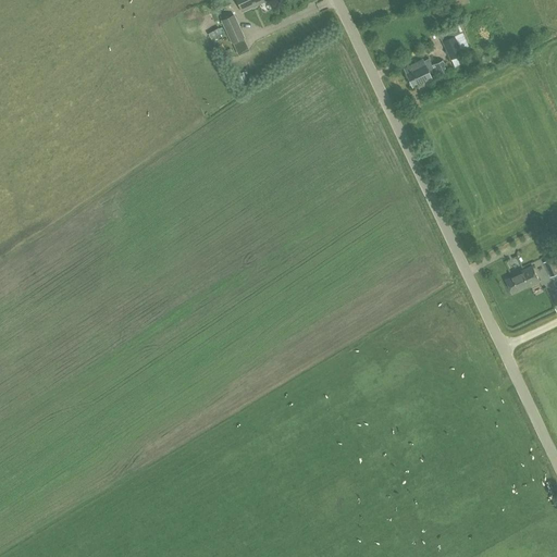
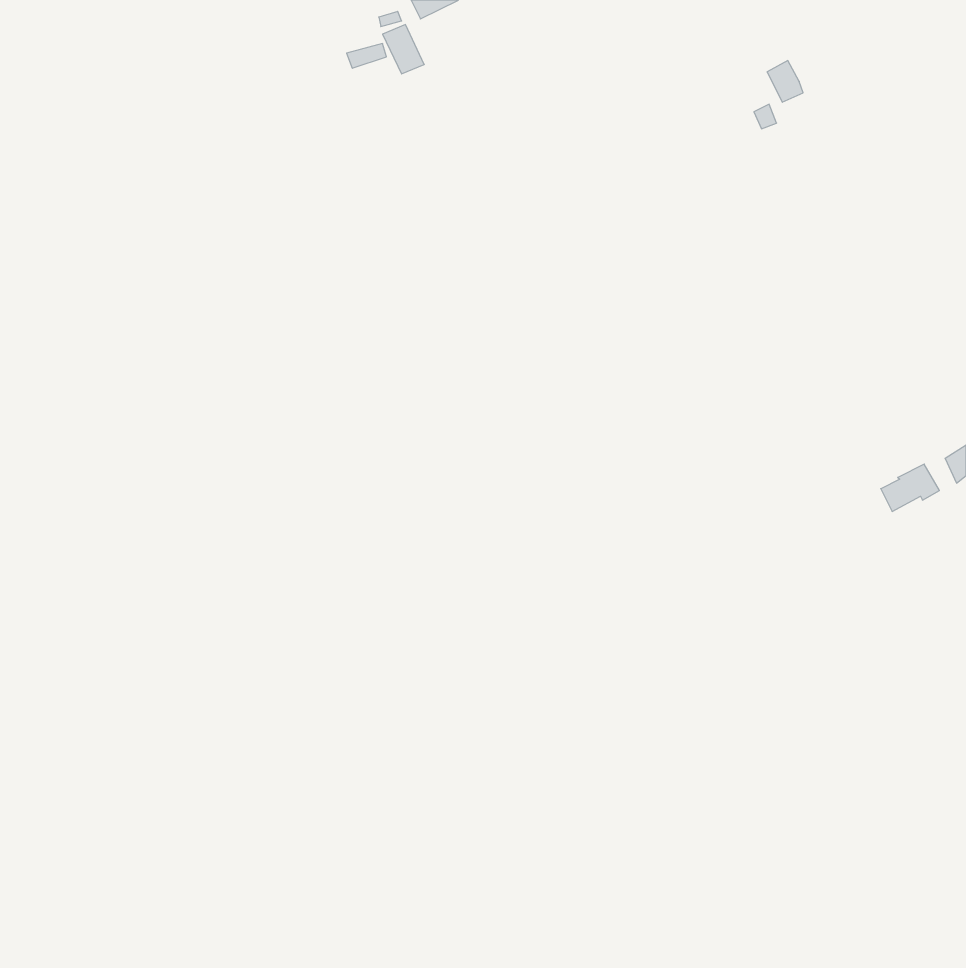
building: [403,58,432,86] -> none

